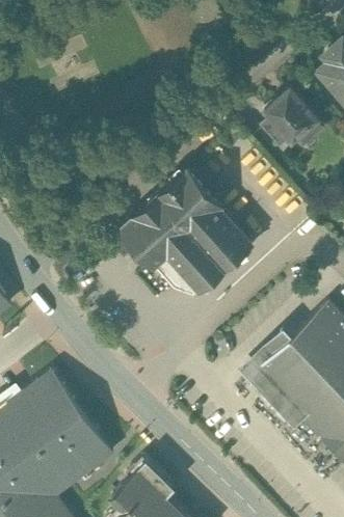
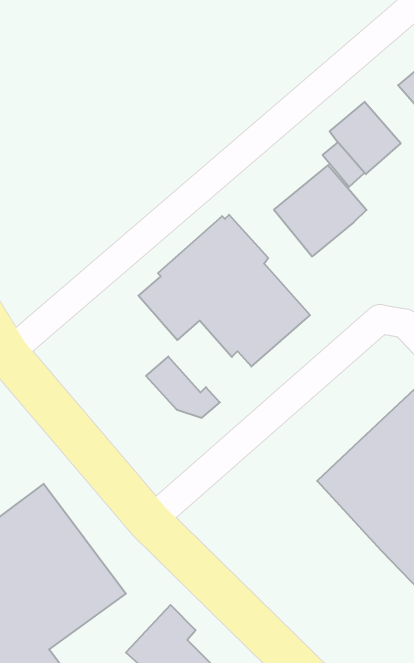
building: none -> [274,165,367,257]
building: [152,249,207,295] -> [146,356,220,418]
building: [240,326,303,428] -> none

